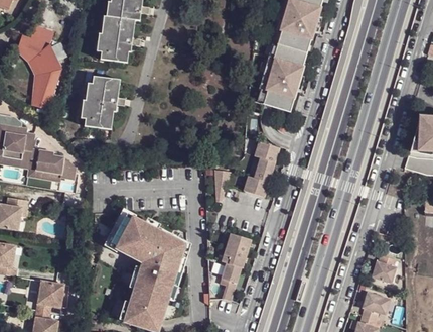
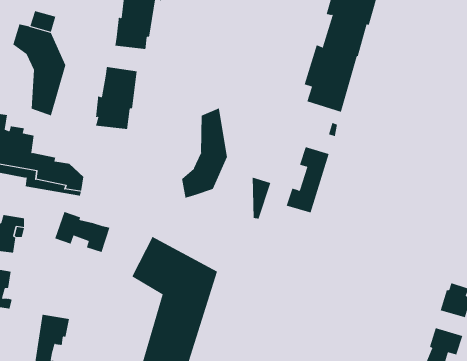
building: none -> [181,107,228,198]
building: none -> [54,211,110,253]
building: [221,232,252,300] -> none

